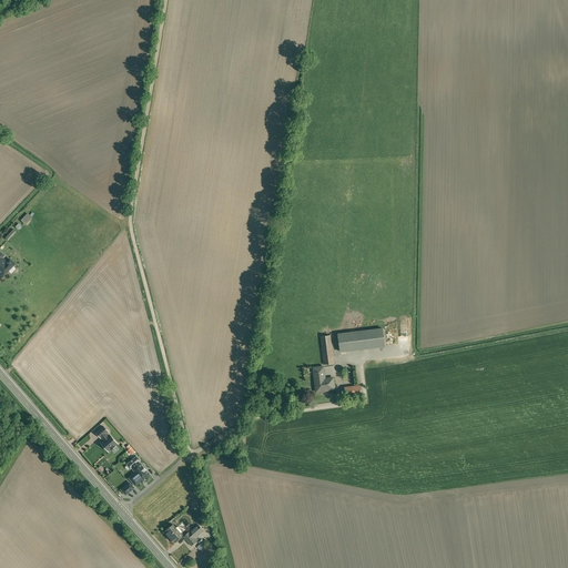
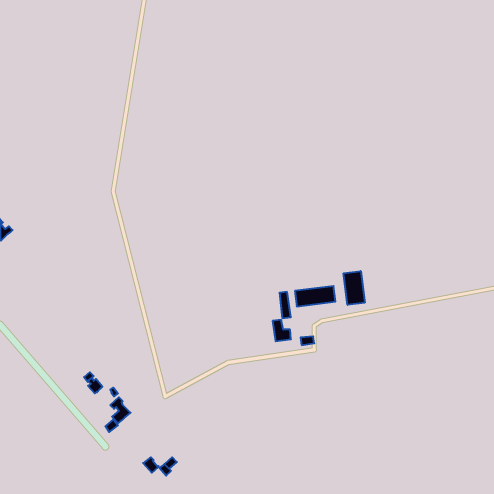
building: none -> [344,271,365,305]

